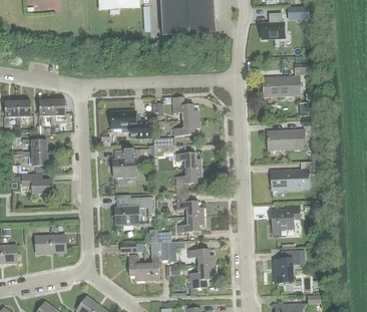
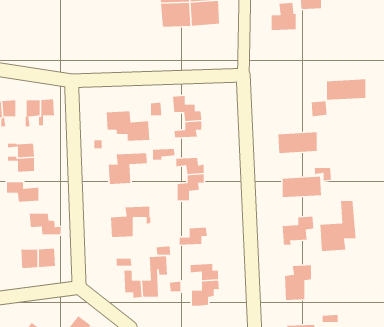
building: [263,75,299,95] -> [326,79,366,101]
building: none -> [319,200,357,252]
building: [175,192,203,216] -> none
building: none -> [29,213,62,235]

